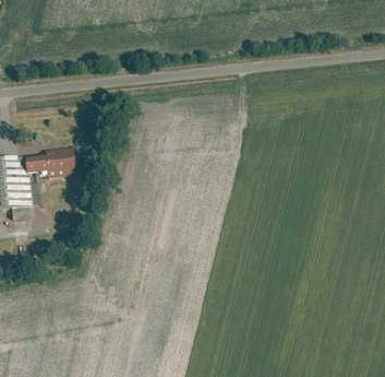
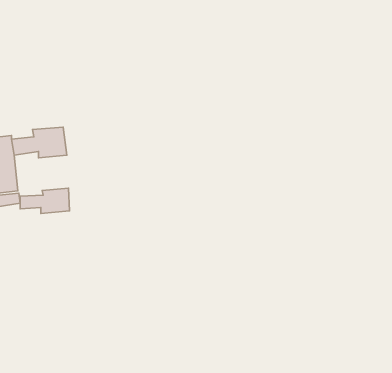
building: none -> [20,188,69,214]

